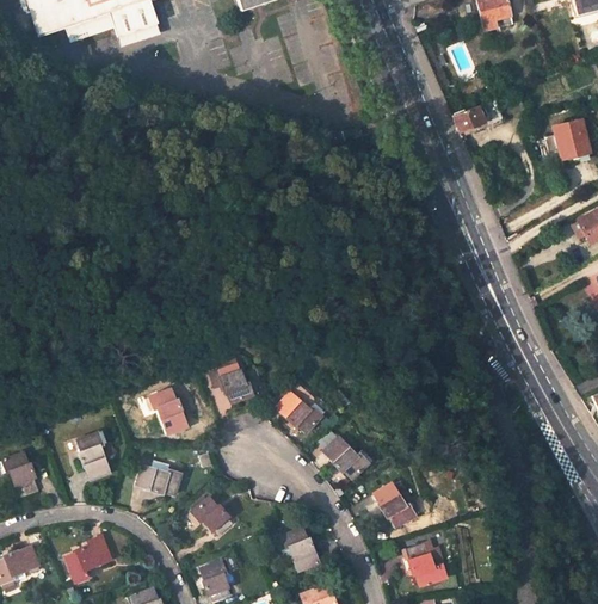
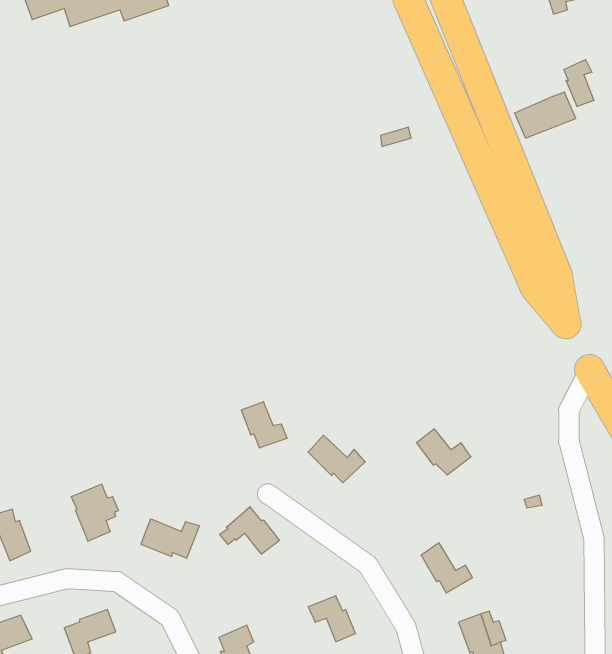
building: none -> [564,60,594,107]
building: [143,390,186,434] -> none
building: [323,439,370,479] -> [416,429,471,475]
building: [181,495,233,536] -> [220,507,279,554]

